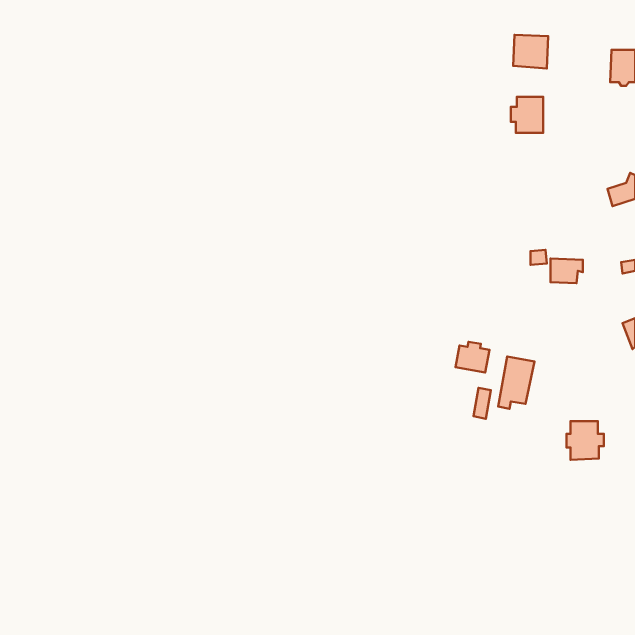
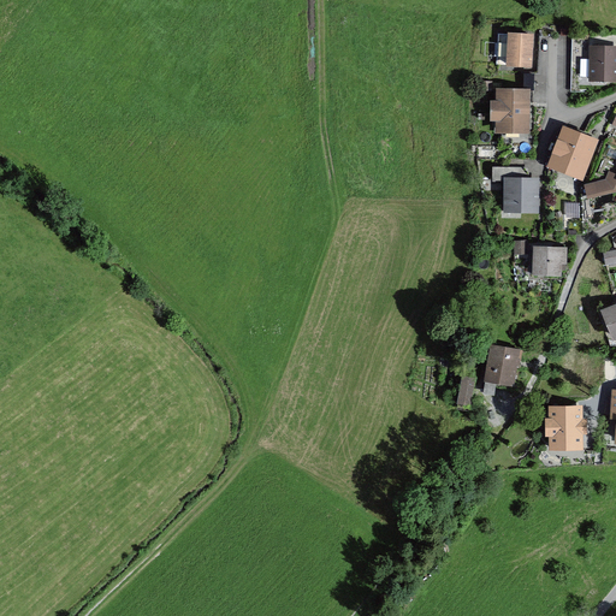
building: none -> [550,131,593,174]
building: none -> [492,167,537,209]
building: [455,342,489,373] -> none

